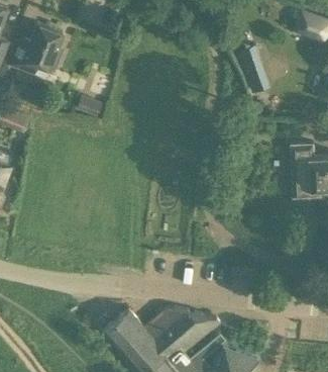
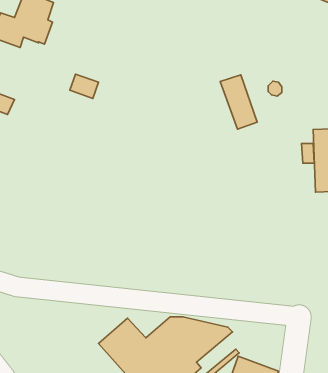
building: [237,43,269,91] -> [220,75,257,129]

